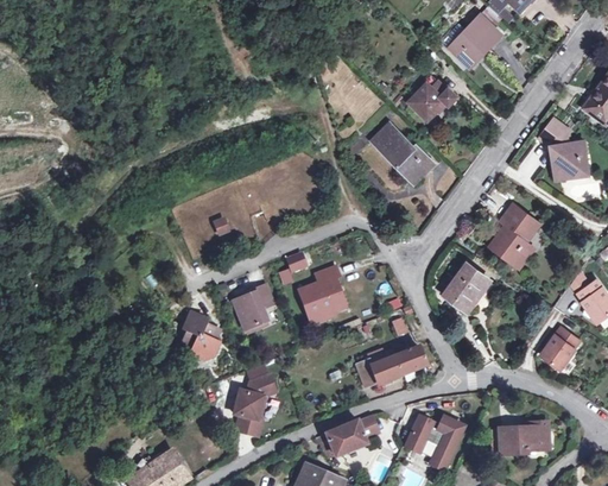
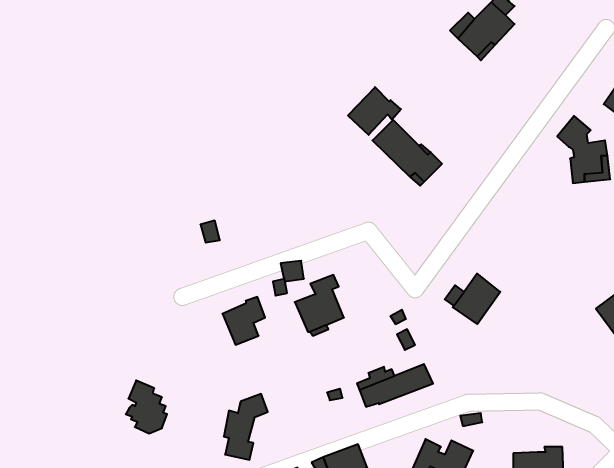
building: [408,76,457,120] -> [348,87,401,135]
building: [493,204,538,267] -> none
building: [180,311,218,360] -> [126,380,167,433]
building: [540,329,578,372] -> none

